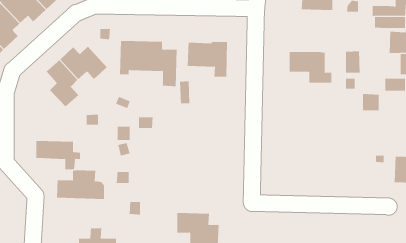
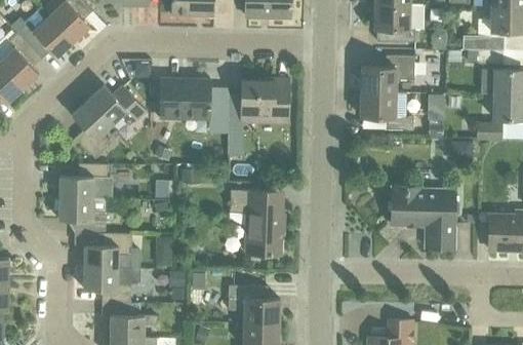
building: none -> [363,55,416,91]
building: none -> [59,163,115,199]
building: none -> [230,189,284,256]
building: none -> [389,189,455,250]
building: none -> [84,267,143,303]

